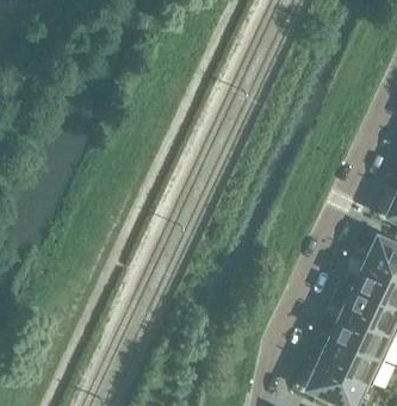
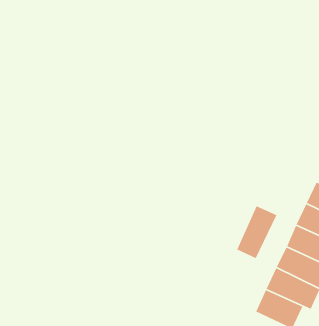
building: none -> [236,205,277,259]

